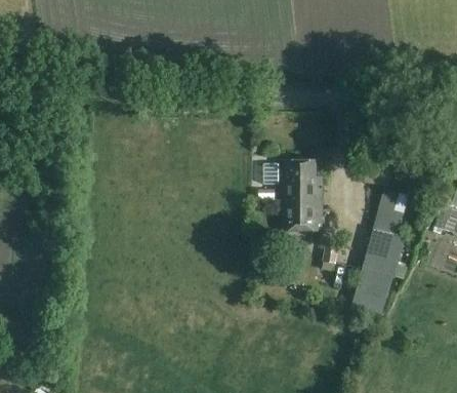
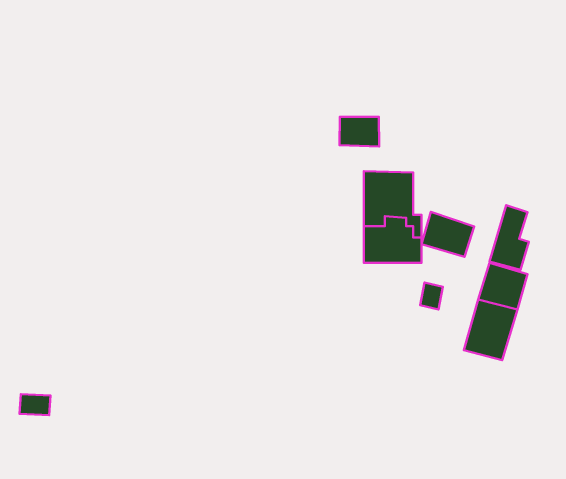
building: none -> [339,117,379,146]
building: none -> [422,212,474,257]

